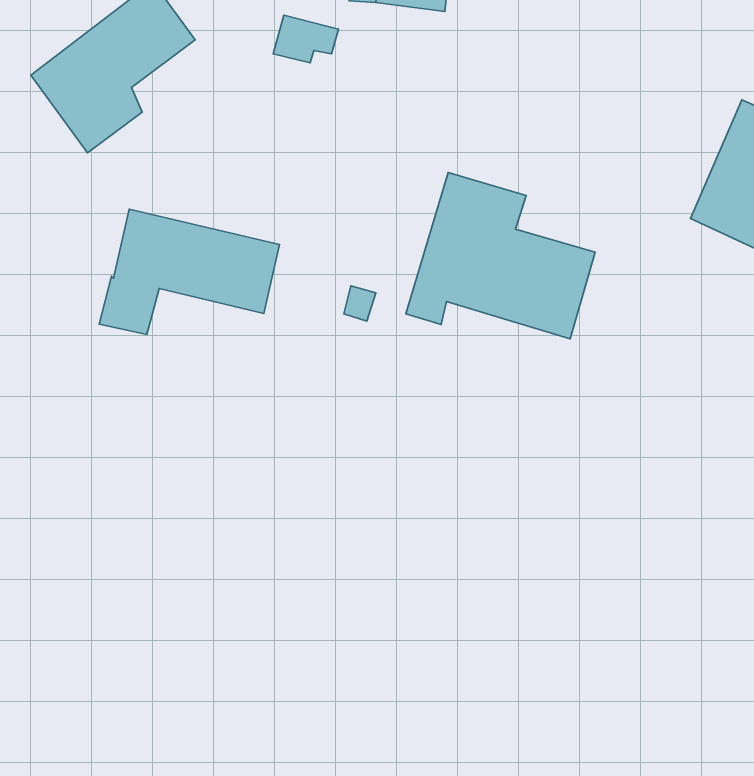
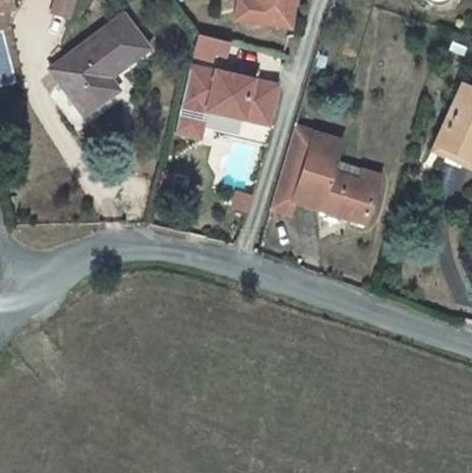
building: [99,209,280,335] -> [174,65,278,137]

